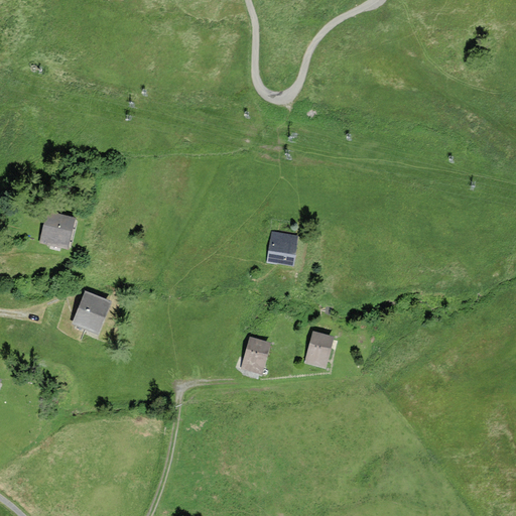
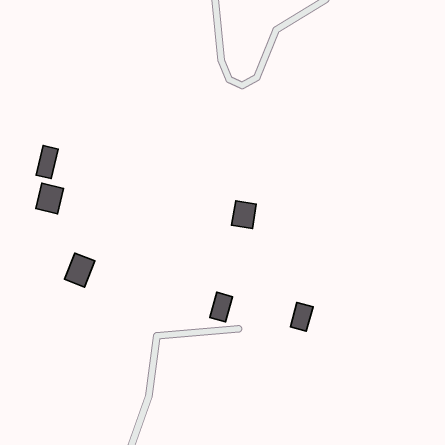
building: none -> [36,146,58,179]
building: [306,333,333,366] -> [291,302,313,331]

